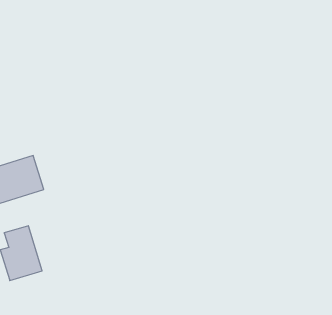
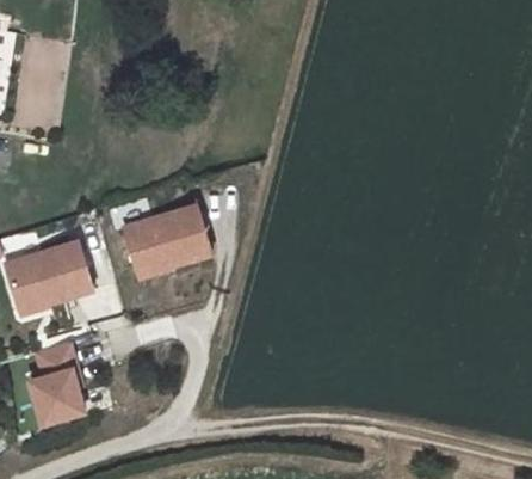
building: none -> [124,204,211,275]

